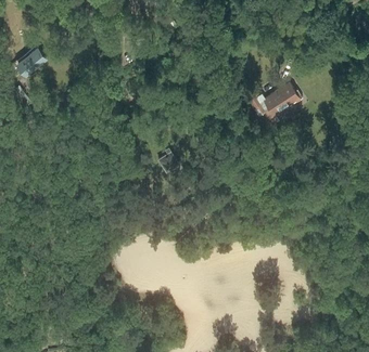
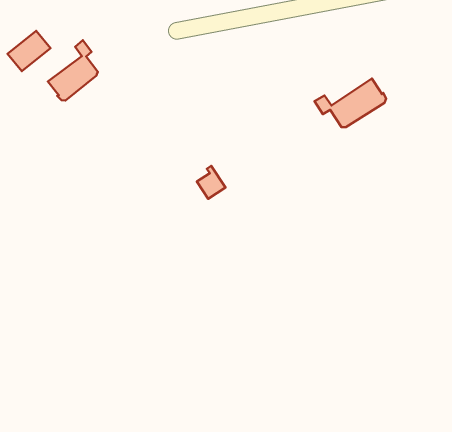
building: none -> [48,40,98,100]

